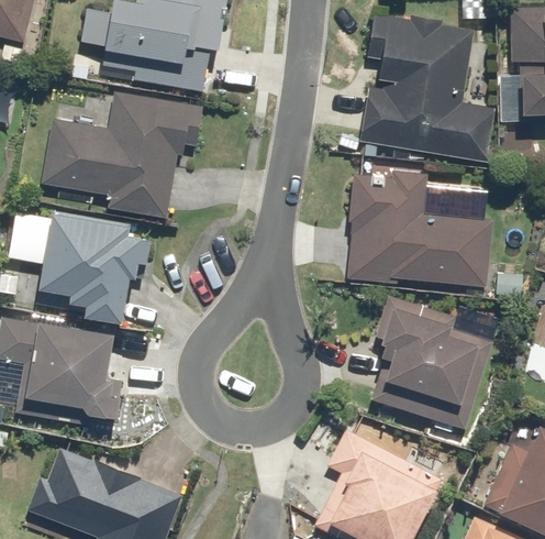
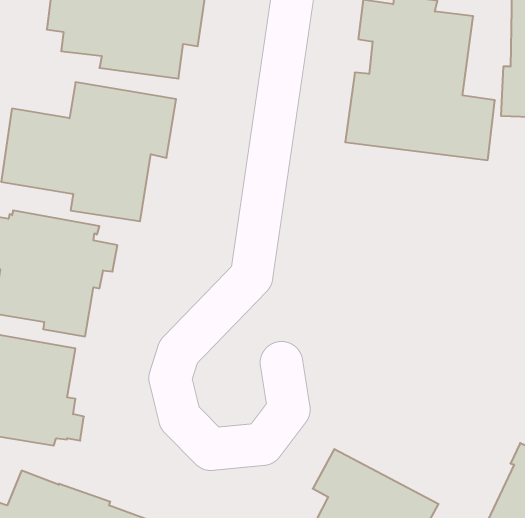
building: [351,172,491,284] -> none
building: [370,295,492,429] -> none

